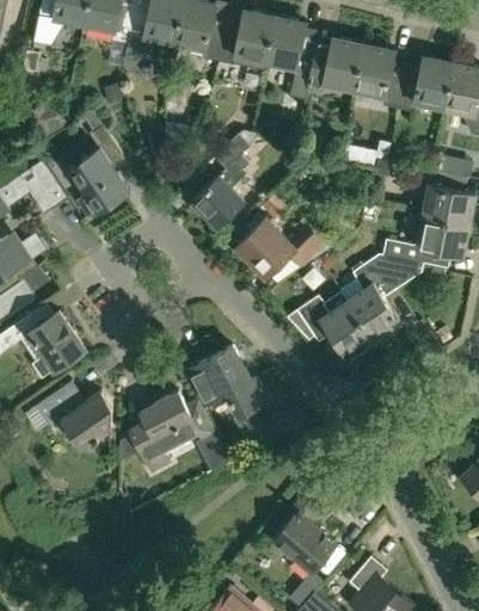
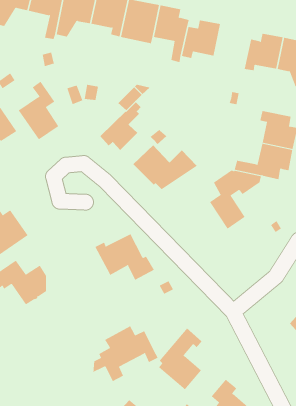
building: [354,43,406,109] -> none
building: [296,296,373,358] -> none
building: [123,391,219,473] -> [93,326,159,382]

